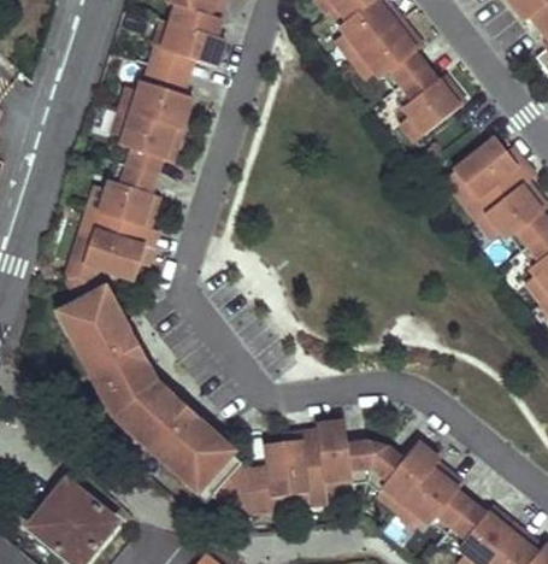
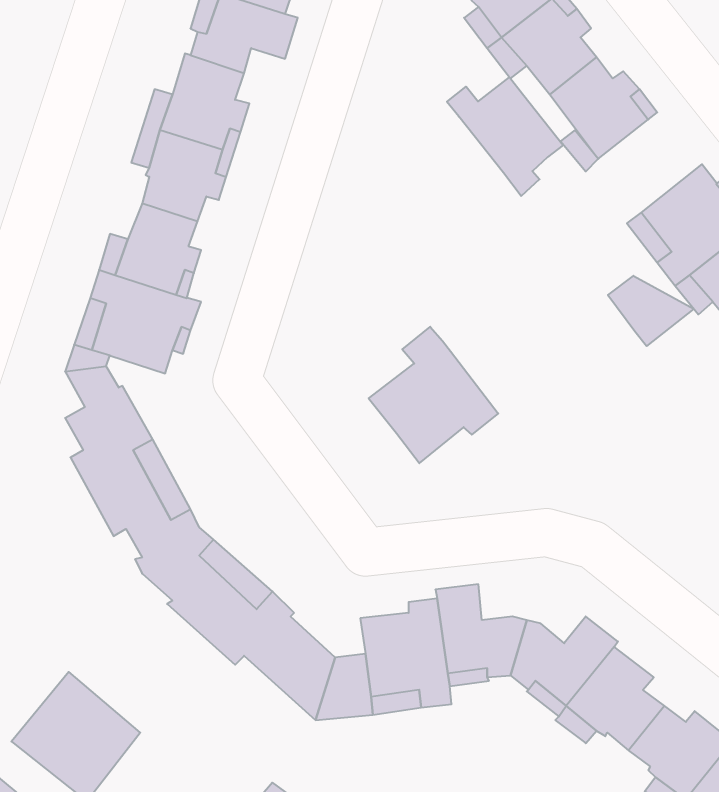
building: none -> [447,77,563,196]
building: none -> [608,276,694,346]
building: none -> [369,327,498,463]

